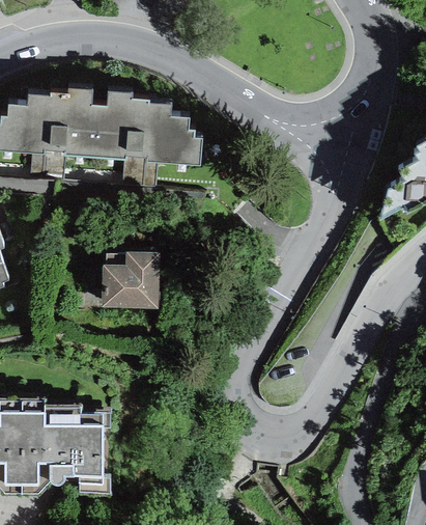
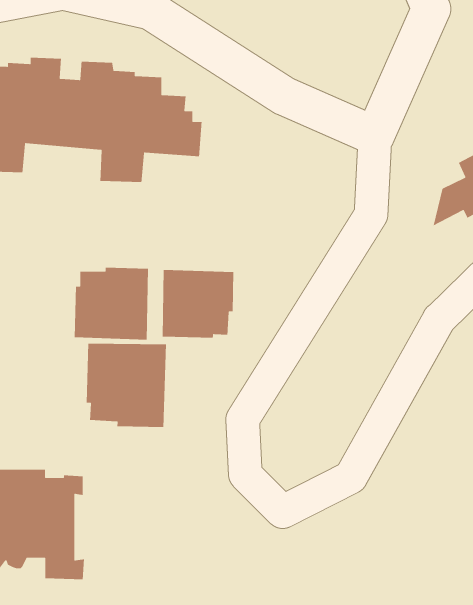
building: none -> [162,269,234,338]
building: none -> [86,343,167,428]

